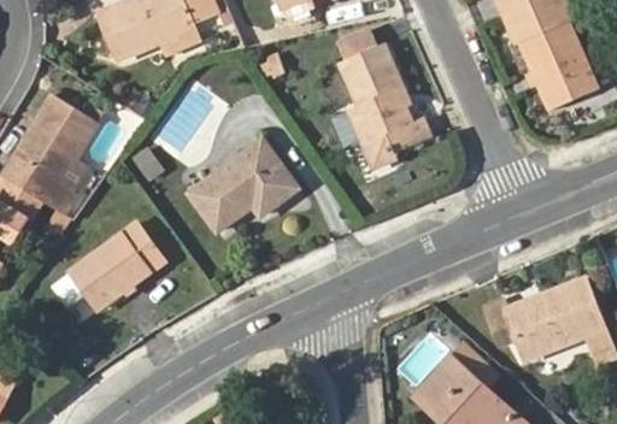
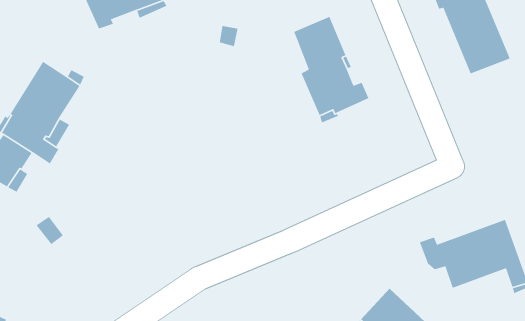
building: [190,141,299,231] -> none
building: [70,223,164,308] -> none

